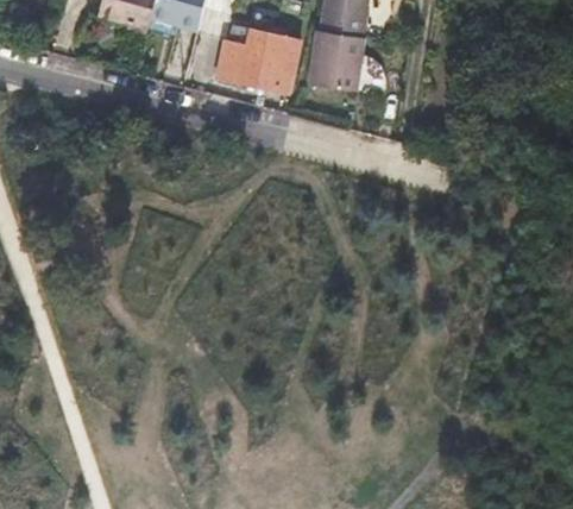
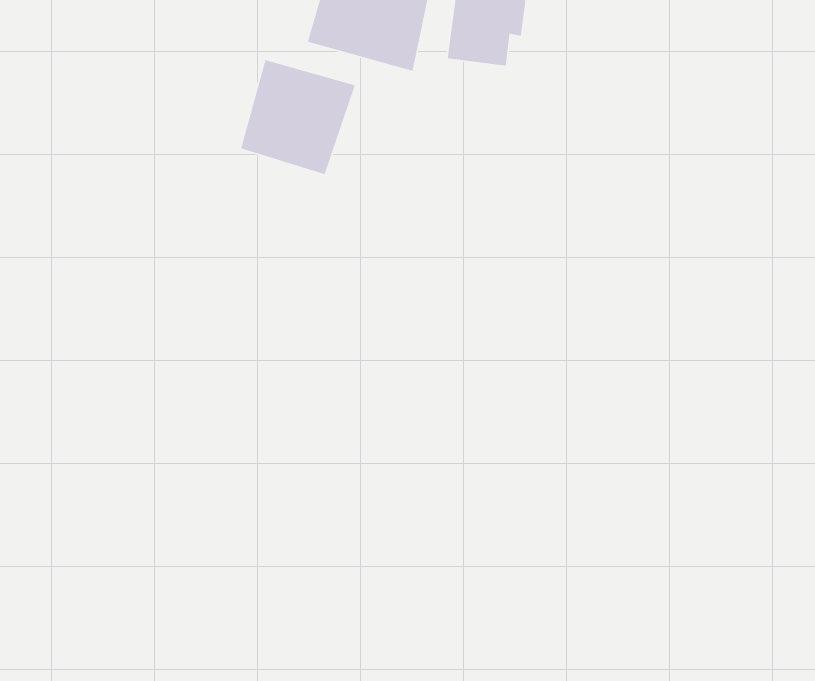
building: none -> [240,59,356,175]

